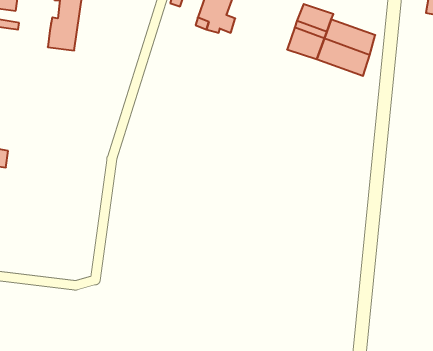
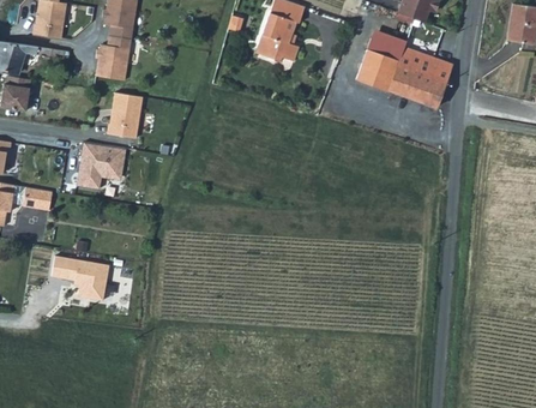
building: none -> [108,91,144,137]
building: none -> [77,140,127,187]
building: none -> [52,259,108,302]

